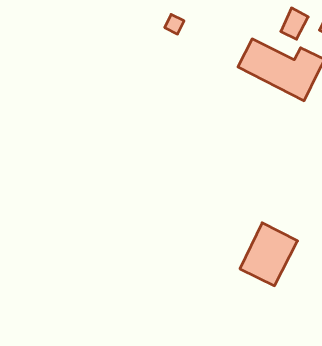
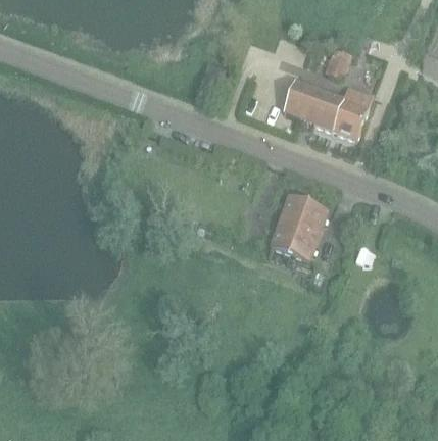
building: [240,223,298,286] -> [271,195,327,258]

